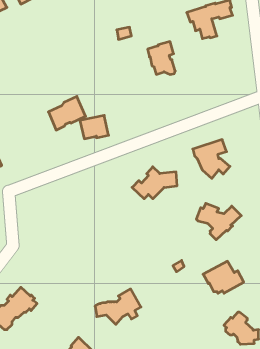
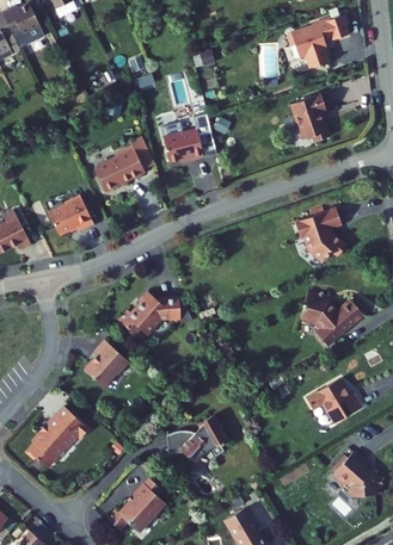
building: [148,42,175,74] -> [293,92,331,137]
building: [80,115,109,139] -> [165,130,204,162]
building: none -> [51,197,97,236]
building: [132,167,177,199] -> [118,289,180,333]
building: none -> [84,336,129,384]

